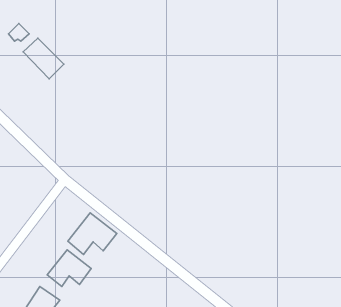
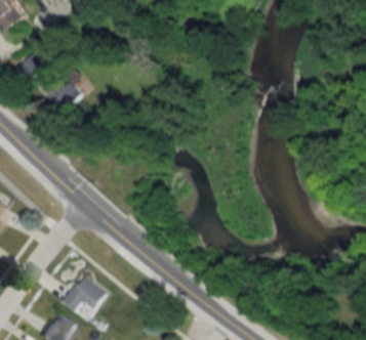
building: [68,213,117,254] -> none

